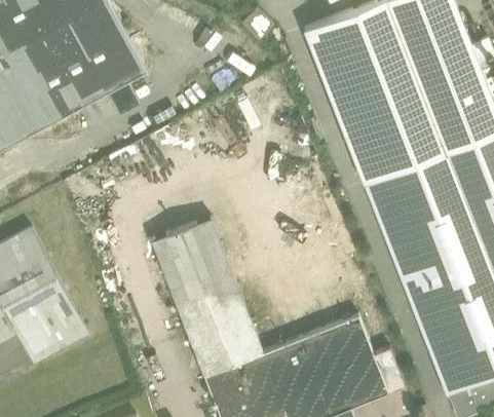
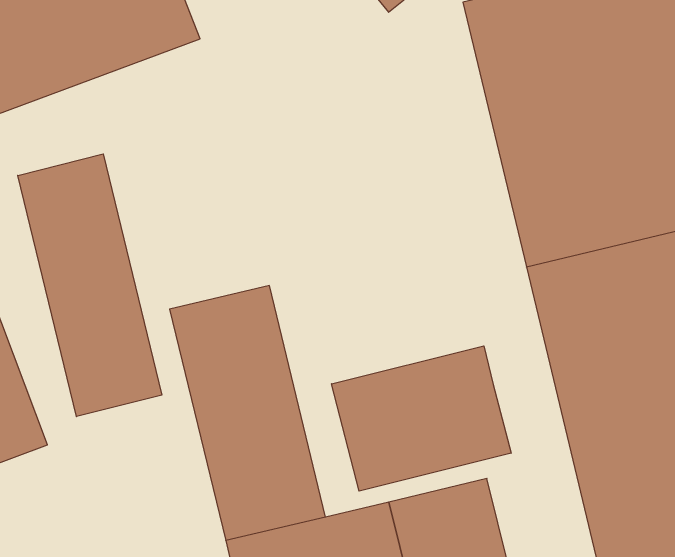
building: none -> [18,154,162,417]
building: none -> [332,346,511,491]

